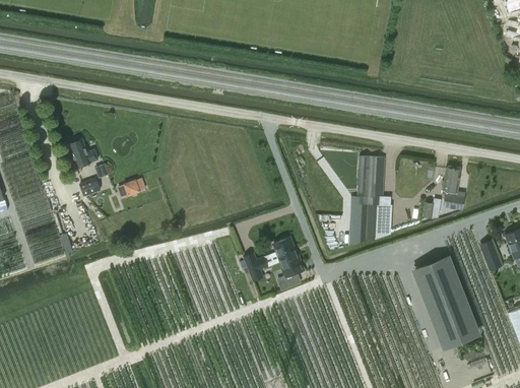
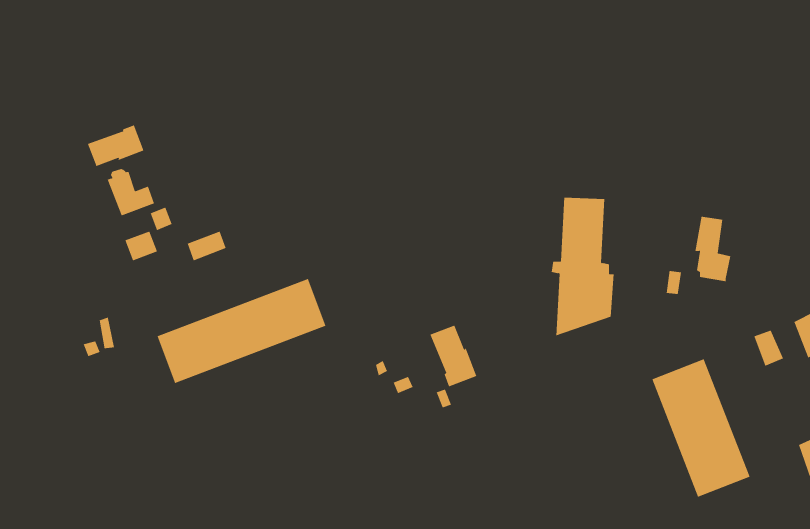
building: none -> [87,124,144,167]
building: none -> [157,278,326,384]

